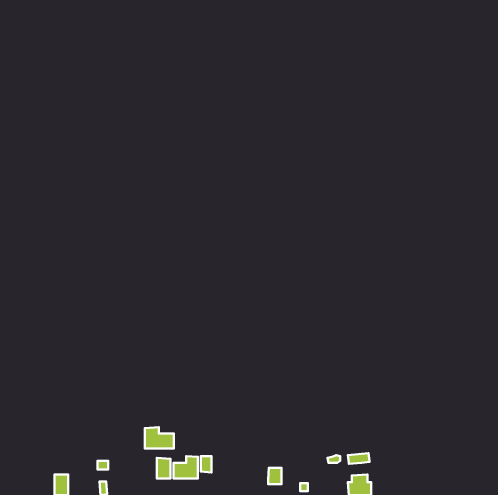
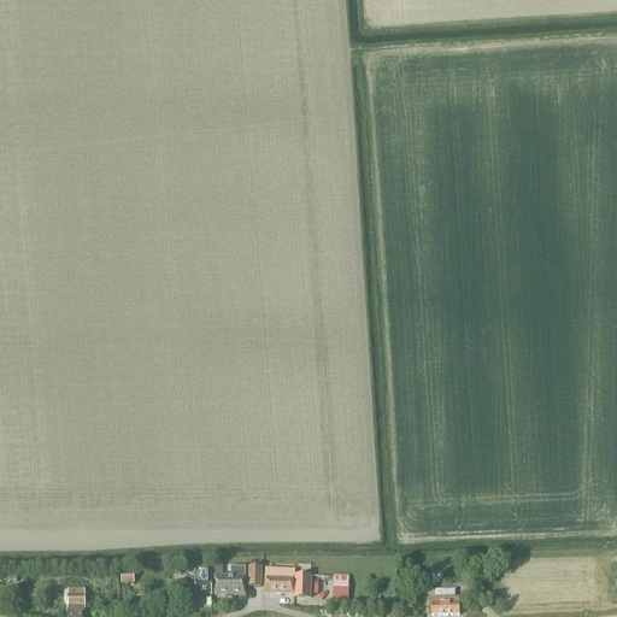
building: [145,427,174,449] -> none
building: none -> [264,566,311,595]

